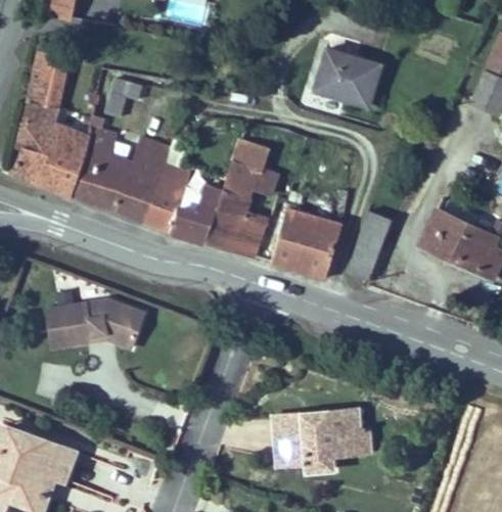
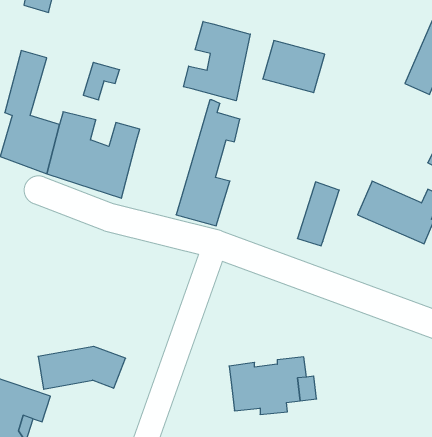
building: none -> [183,21,250,101]
building: [152,165,231,246] -> none
building: [272,207,339,276] -> none
building: [47,298,145,346] -> [38,346,126,389]

